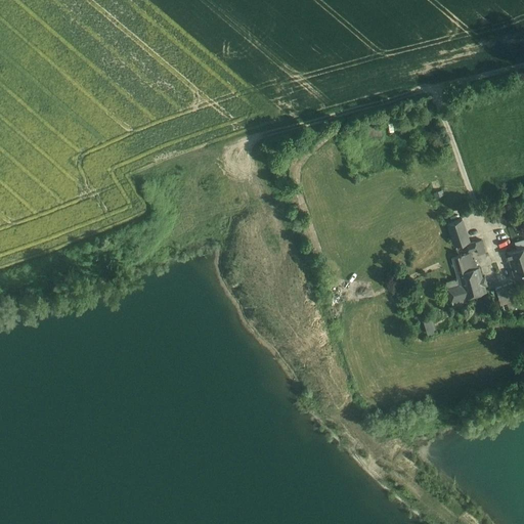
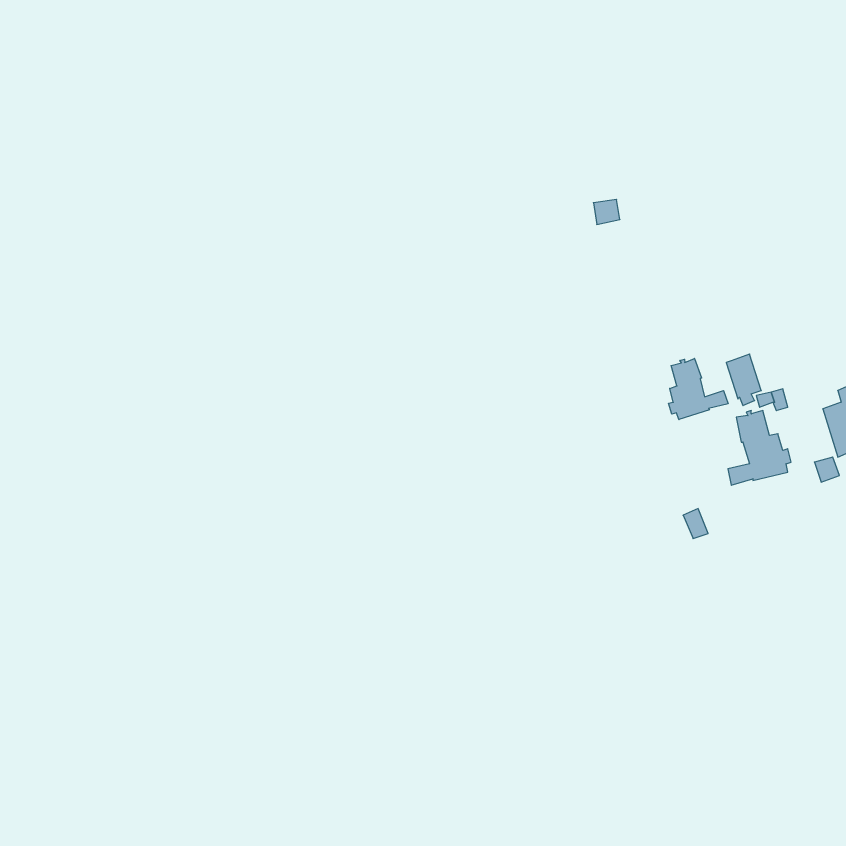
building: none -> [669,358,728,420]

